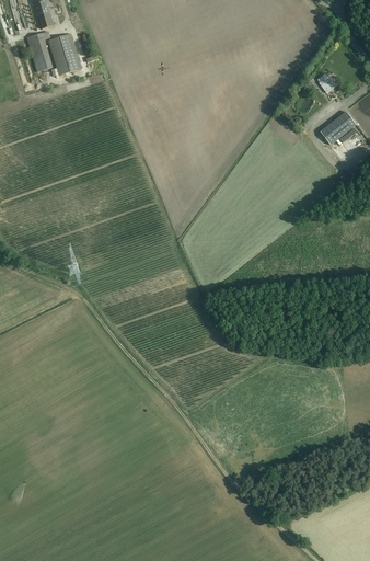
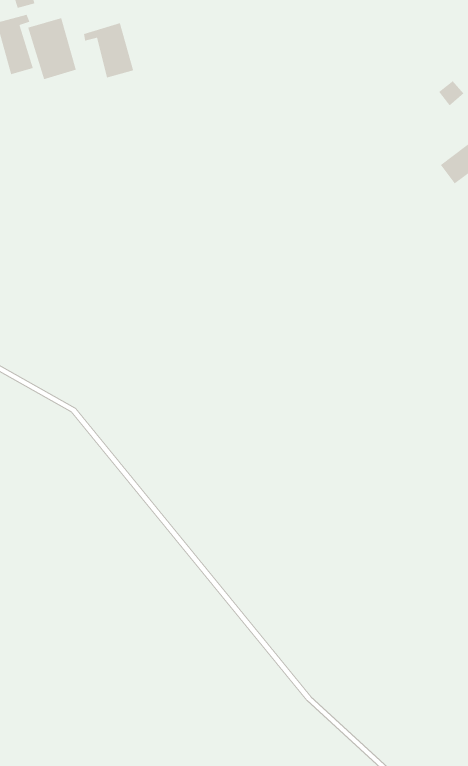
building: none -> [83,22,134,79]

